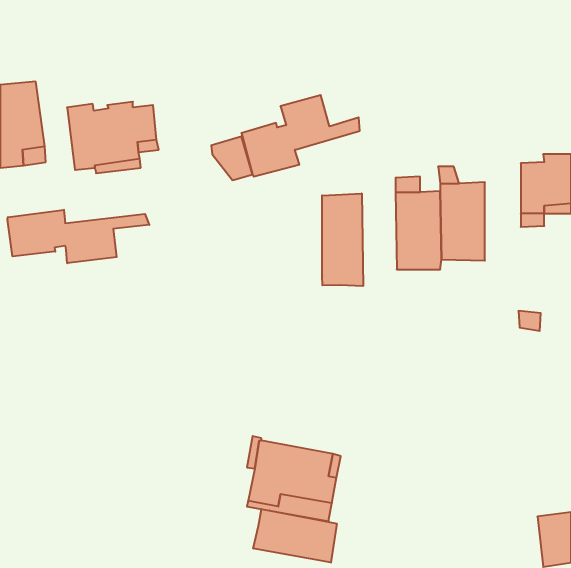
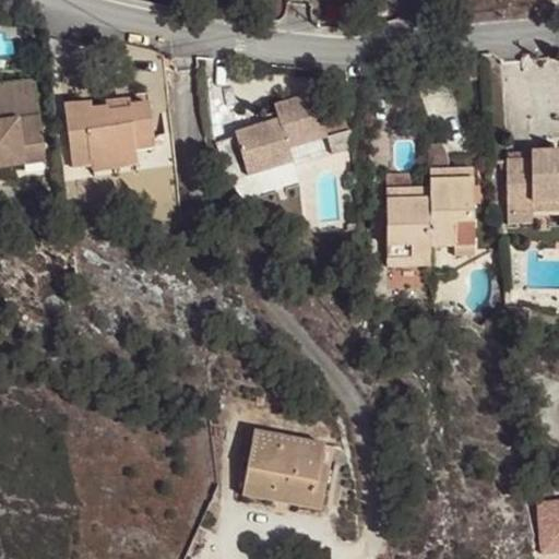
building: [322,193,363,286] -> none
building: [8,210,149,263] -> none
building: [253,509,337,563] -> none

